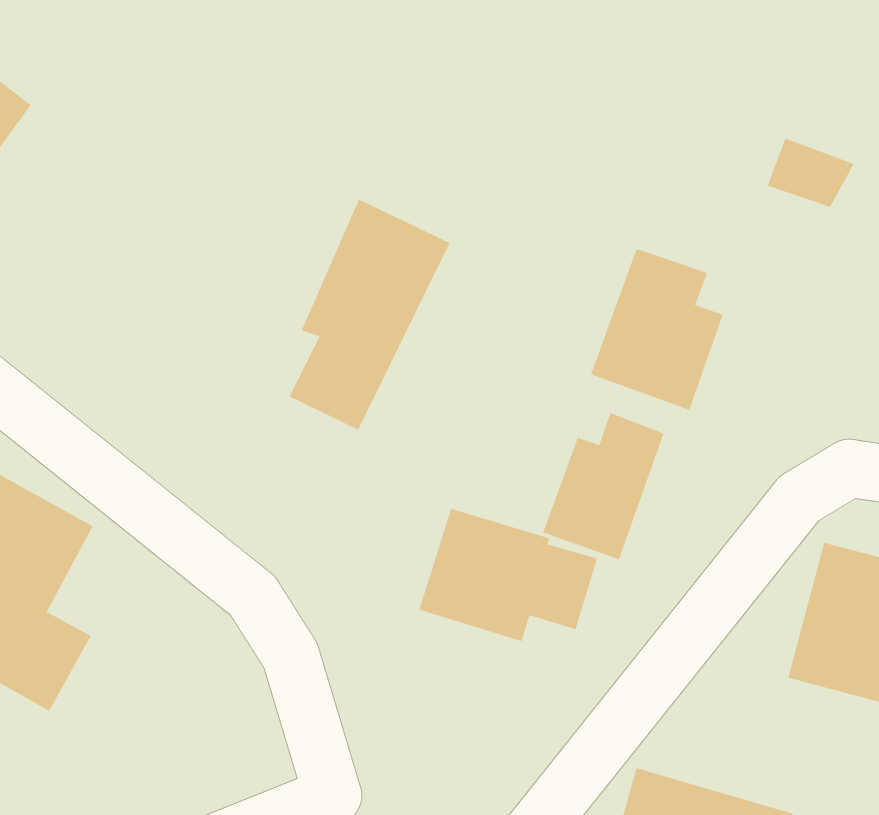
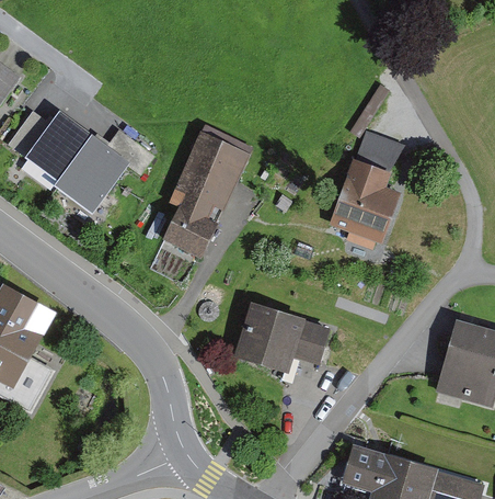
building: [767,138,855,208] -> [356,133,404,171]
building: none -> [9,109,154,212]
building: [542,412,664,560] -> none

